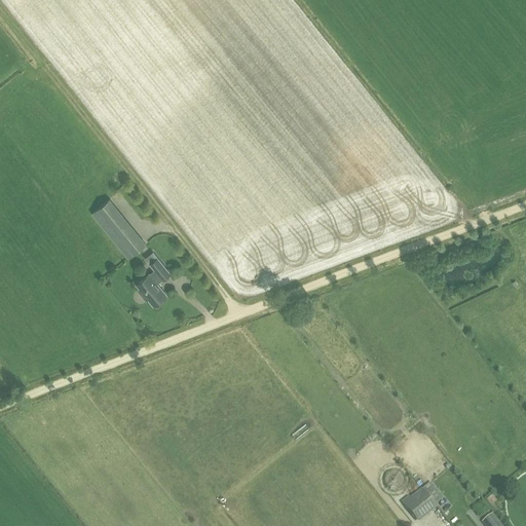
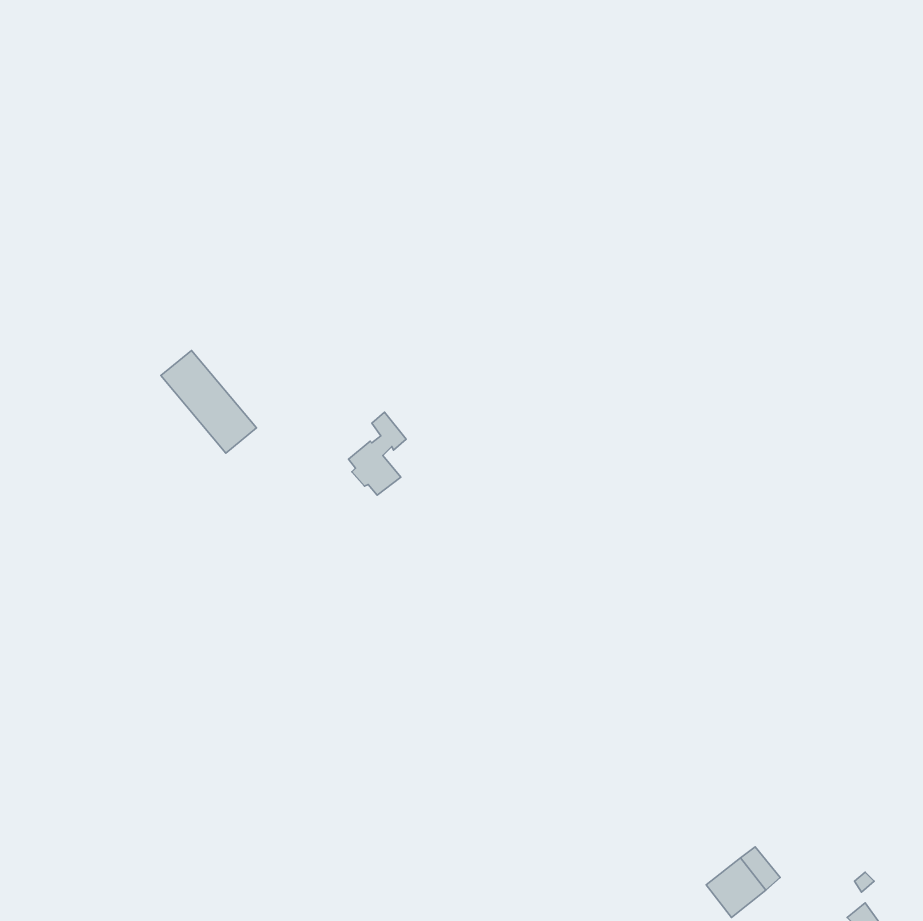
building: [137,259,170,306] -> [348,412,406,495]

